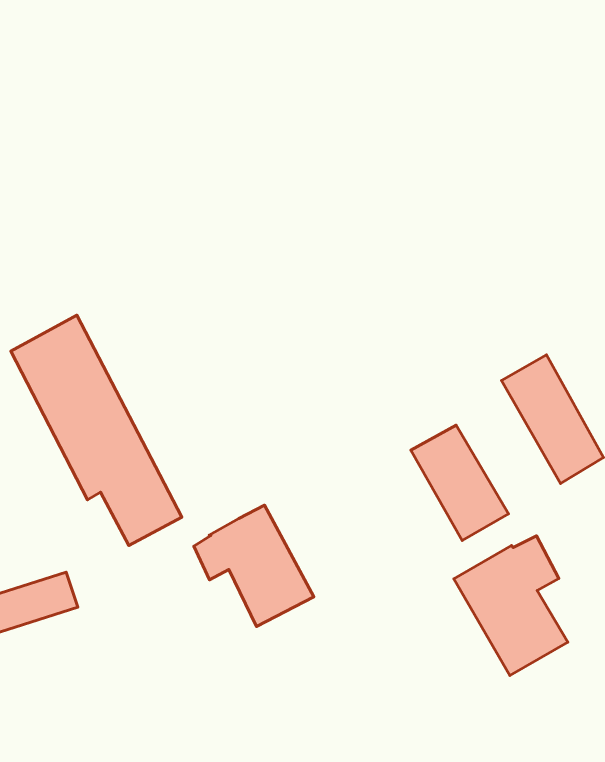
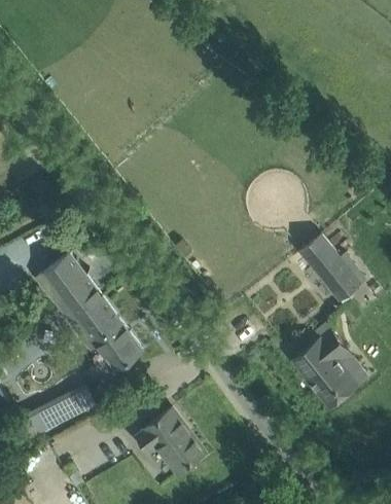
building: [411,425,509,540] -> none
building: [194,505,314,626] -> [137,408,205,473]

